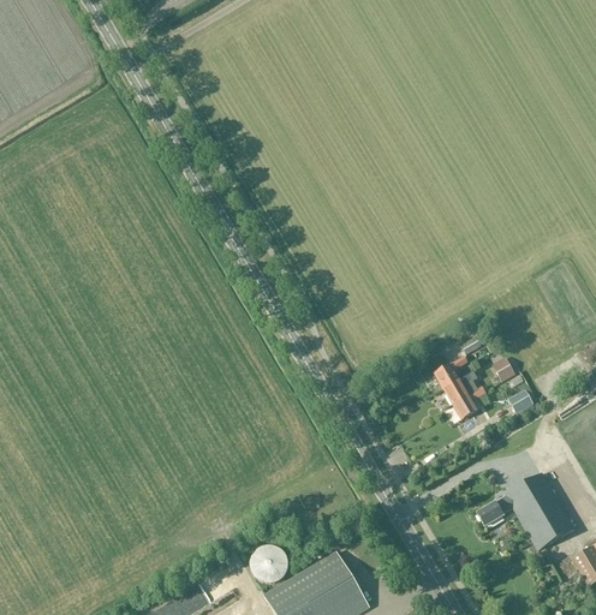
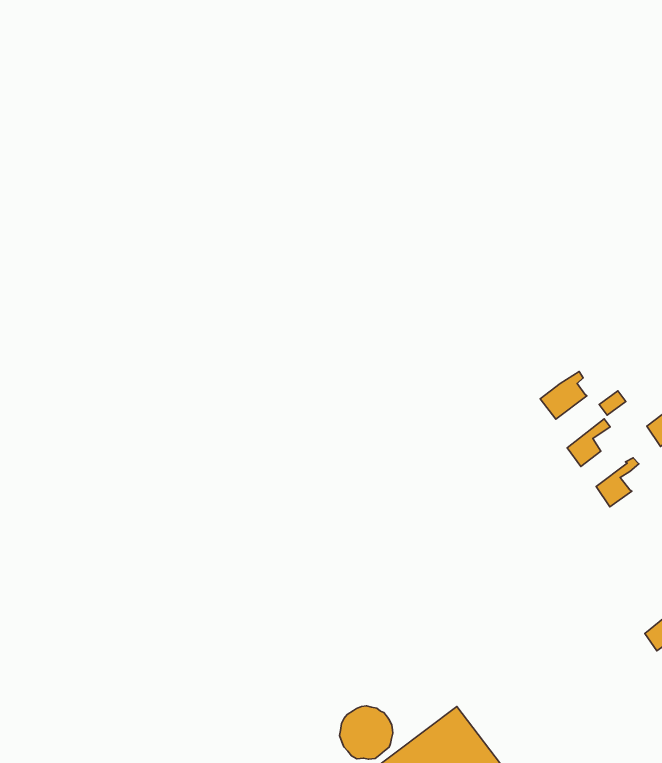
building: [443,372,477,405] -> [540,372,587,419]

